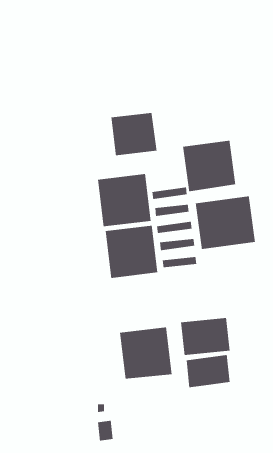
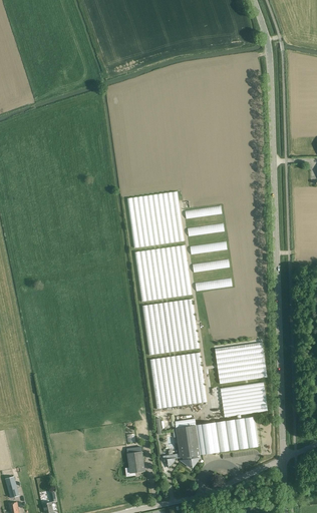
building: [111,112,157,156] -> none
building: [182,140,236,192] -> none
building: [195,195,255,250] -> none
building: none -> [142,299,200,355]
building: none -> [164,417,260,468]

